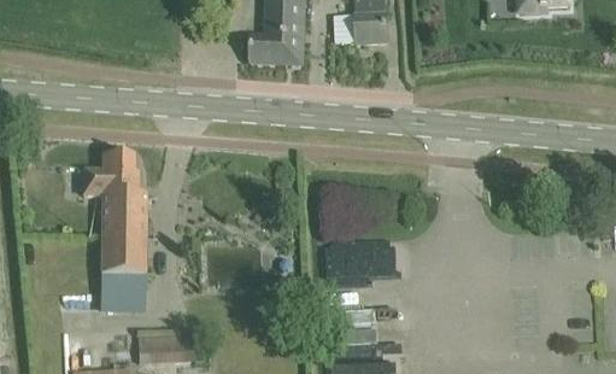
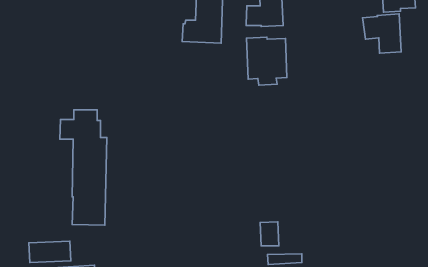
building: none -> [363,14,401,53]
building: none -> [247,37,287,85]
building: [139,333,195,362] -> [29,241,71,263]

